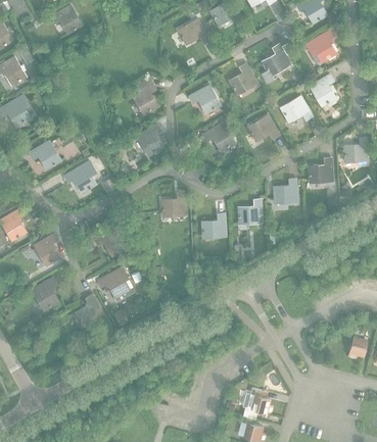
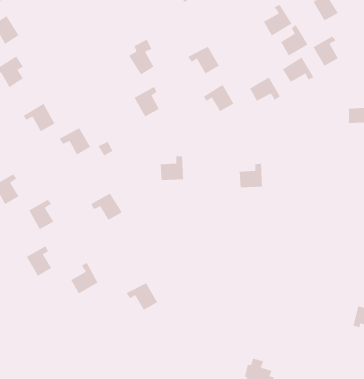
building: [229,63,256,95] -> [280,24,309,57]
building: [309,158,332,183] -> none
building: [274,179,296,203] -> none
building: [201,213,225,238] -> none
building: [97,269,129,297] -> [125,282,158,311]

